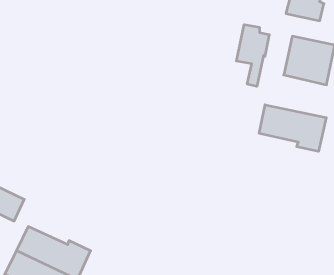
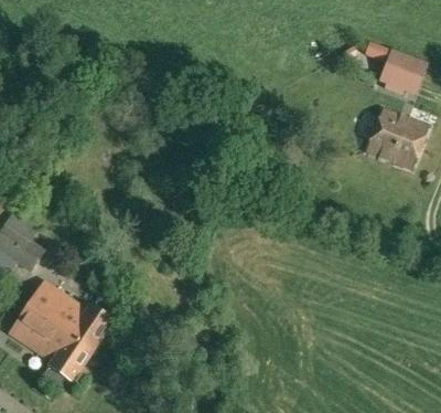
building: [236,25,269,86] -> none
building: [259,105,326,151] -> none

